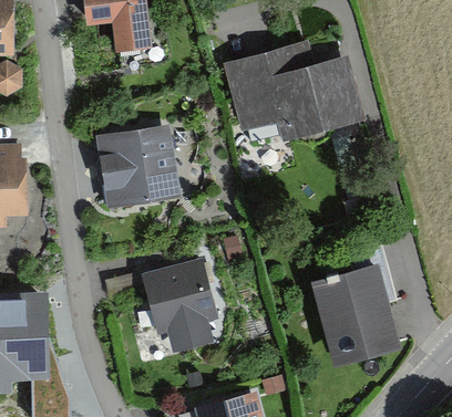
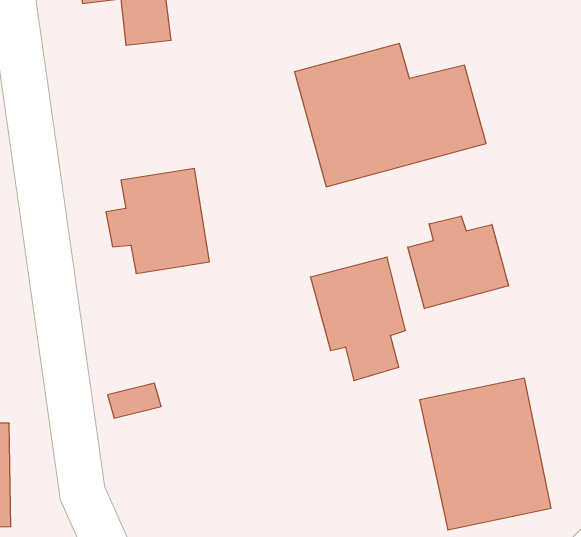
building: none -> [408,216,509,309]
building: [147,263,210,345] -> [310,257,406,380]

